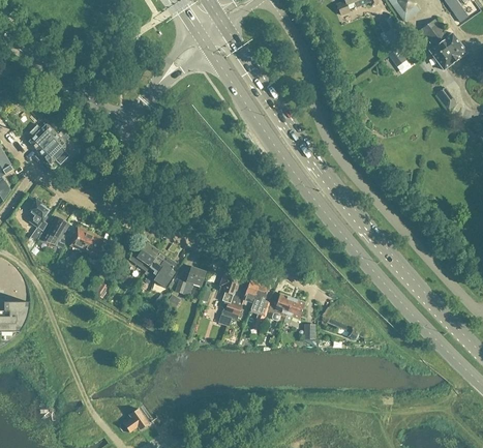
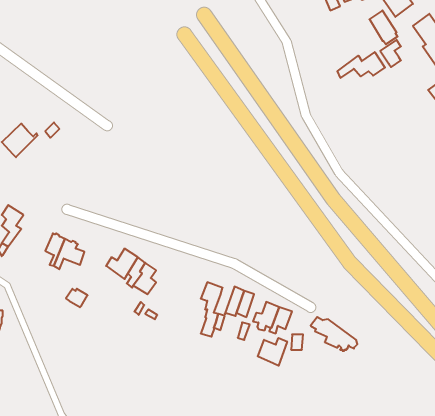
building: none -> [337,52,385,78]
building: [41,131,68,163] -> none
building: [42,217,69,248] -> none
building: [175,267,204,296] -> none
building: none -> [258,338,287,366]

